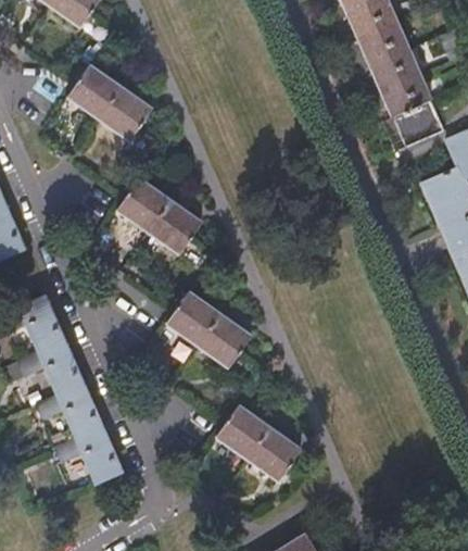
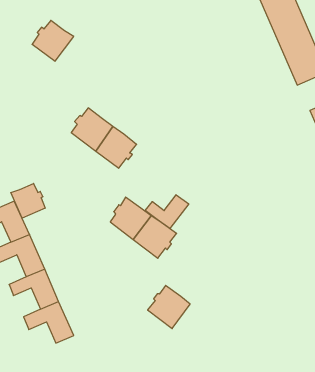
building: [97,86,152,141] -> none
building: none -> [11,183,45,218]
building: none -> [145,195,189,229]
building: [246,428,300,481] -> none

